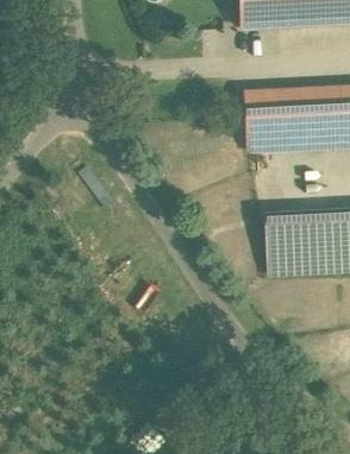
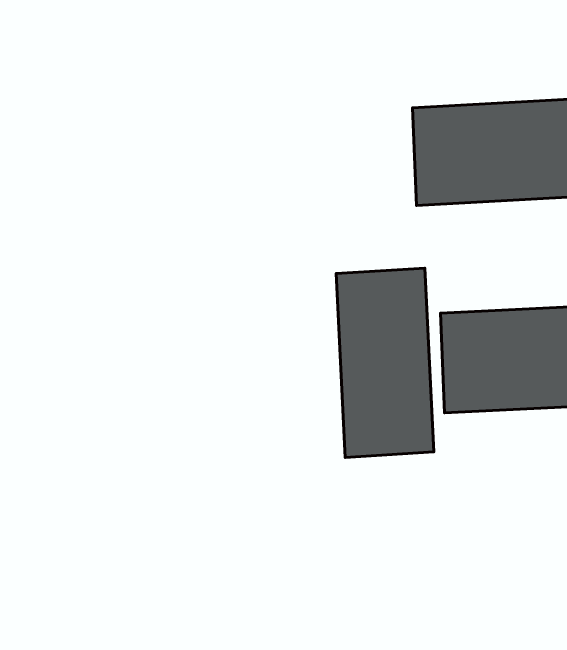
building: none -> [336,268,434,457]

